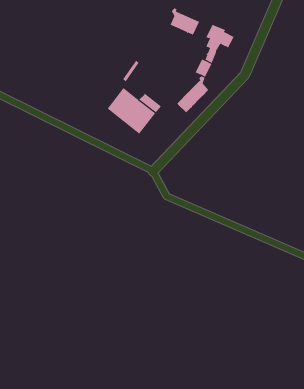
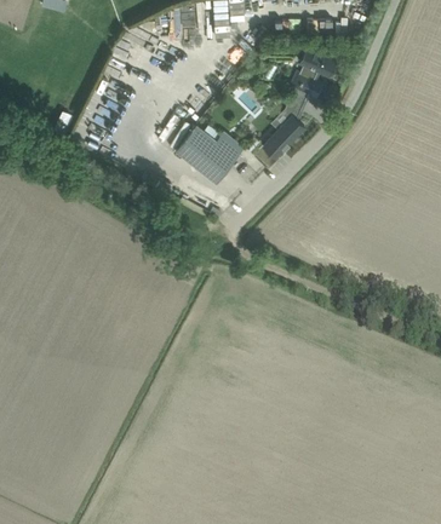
building: [170,7,200,35] -> none

